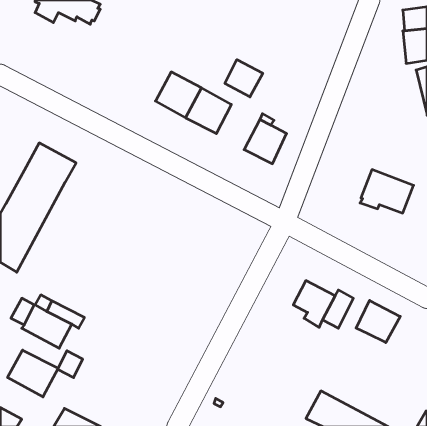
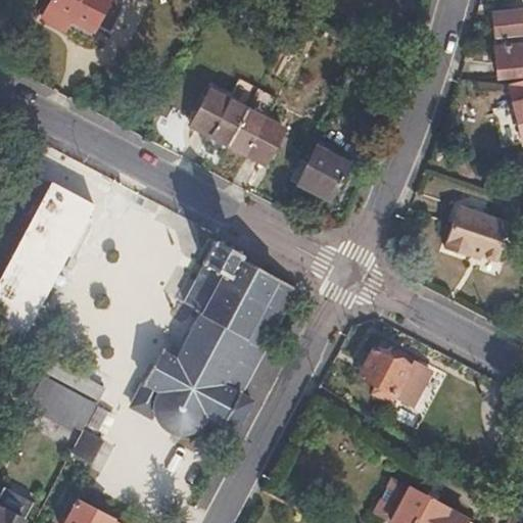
building: [225,60,263,97] -> none
building: none -> [134,240,301,432]
building: [356,300,400,343] -> none
building: [8,350,58,397] -> none

